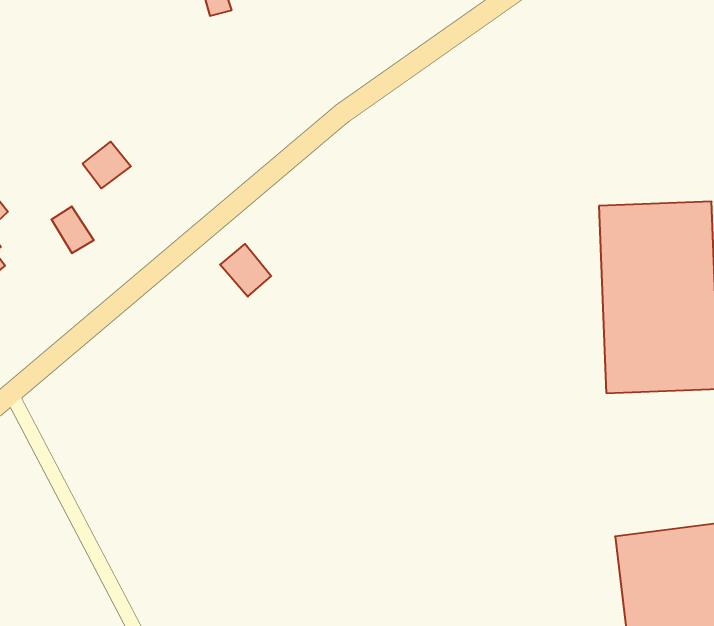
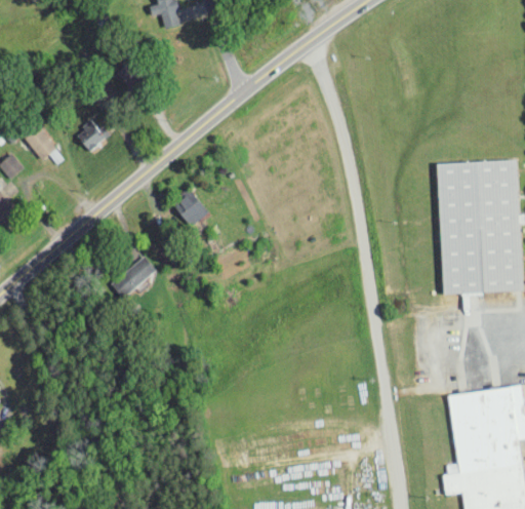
building: [51,206,94,253] -> [26,127,55,160]
building: none -> [112,256,157,298]

